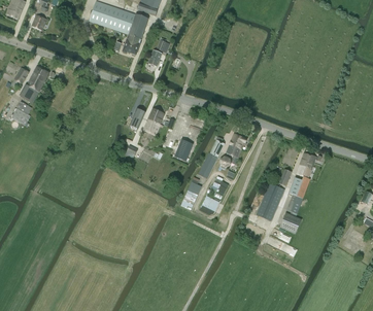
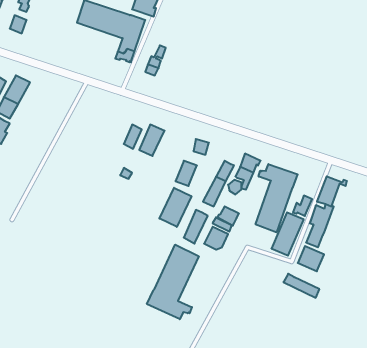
building: none -> [256,164,298,232]
building: none -> [159,188,191,227]
building: none -> [147,245,199,319]

